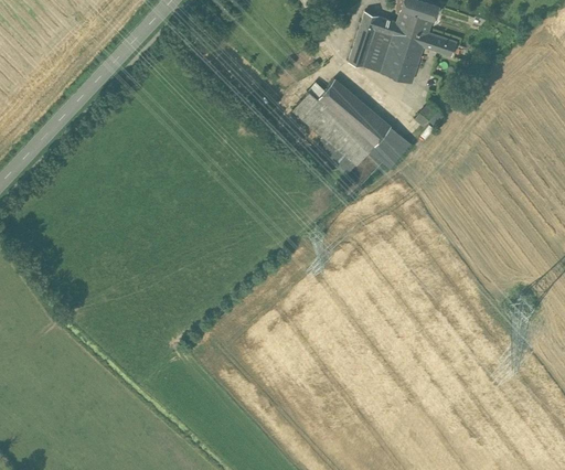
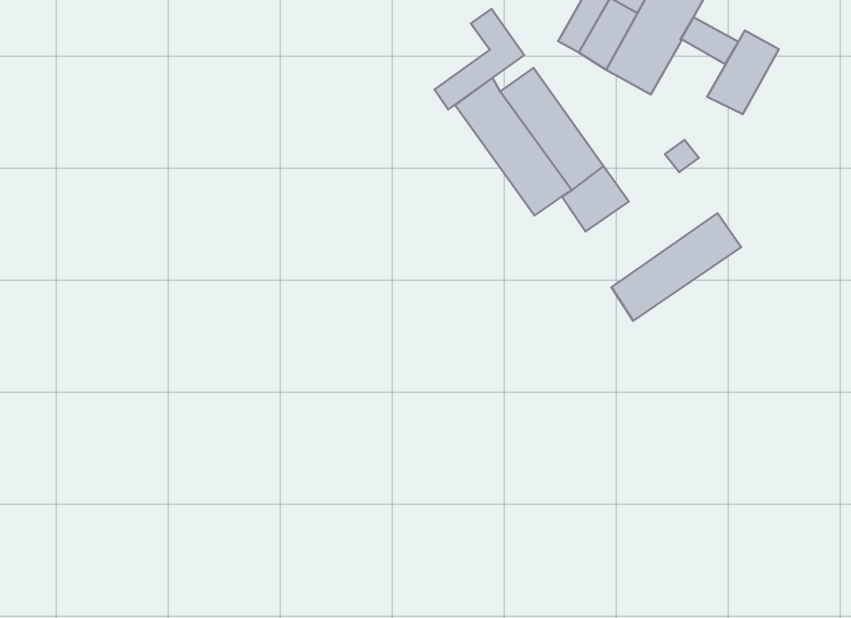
building: none -> [707,30,779,114]
building: none -> [434,9,524,110]
building: none -> [612,213,741,321]

